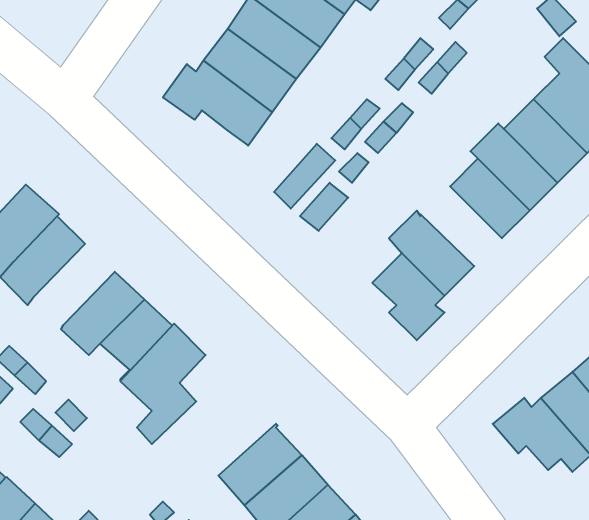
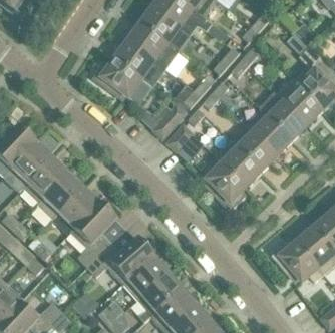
building: none -> [233,126,277,170]
building: none -> [23,157,67,202]
building: none -> [87,238,154,283]

